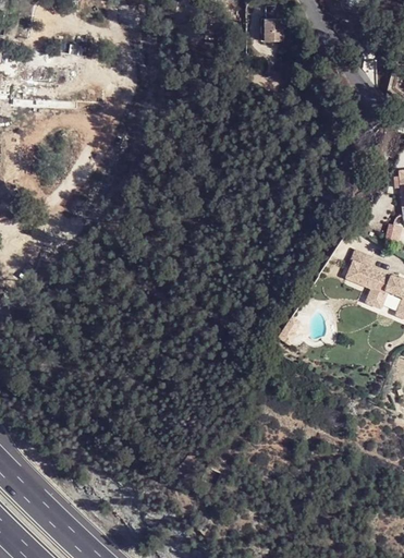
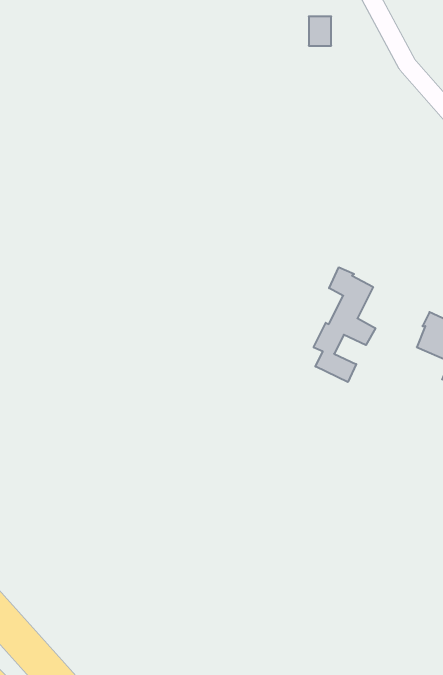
building: none -> [314,267,375,382]

